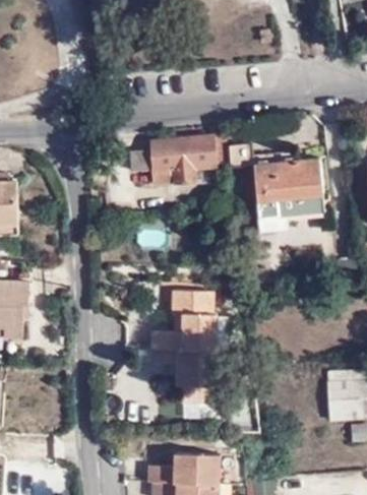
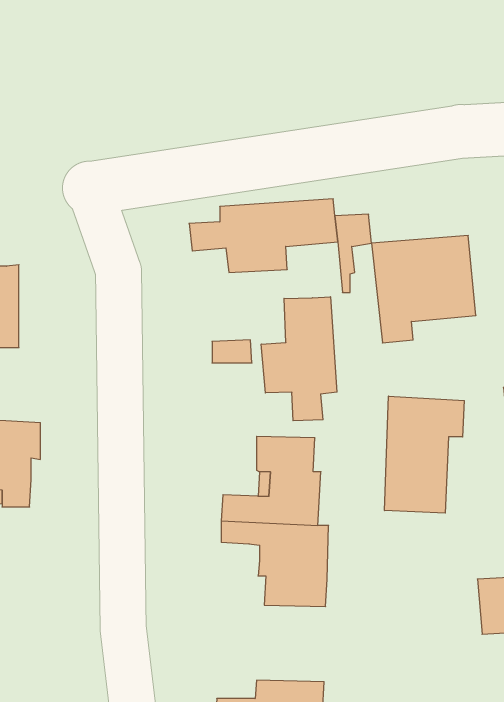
building: none -> [261,297,337,421]
building: none -> [385,396,464,513]

